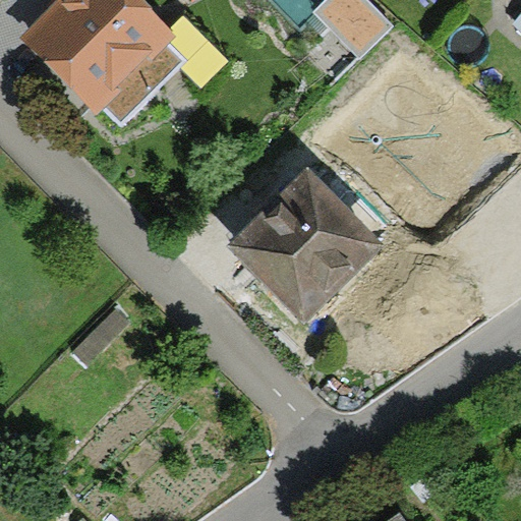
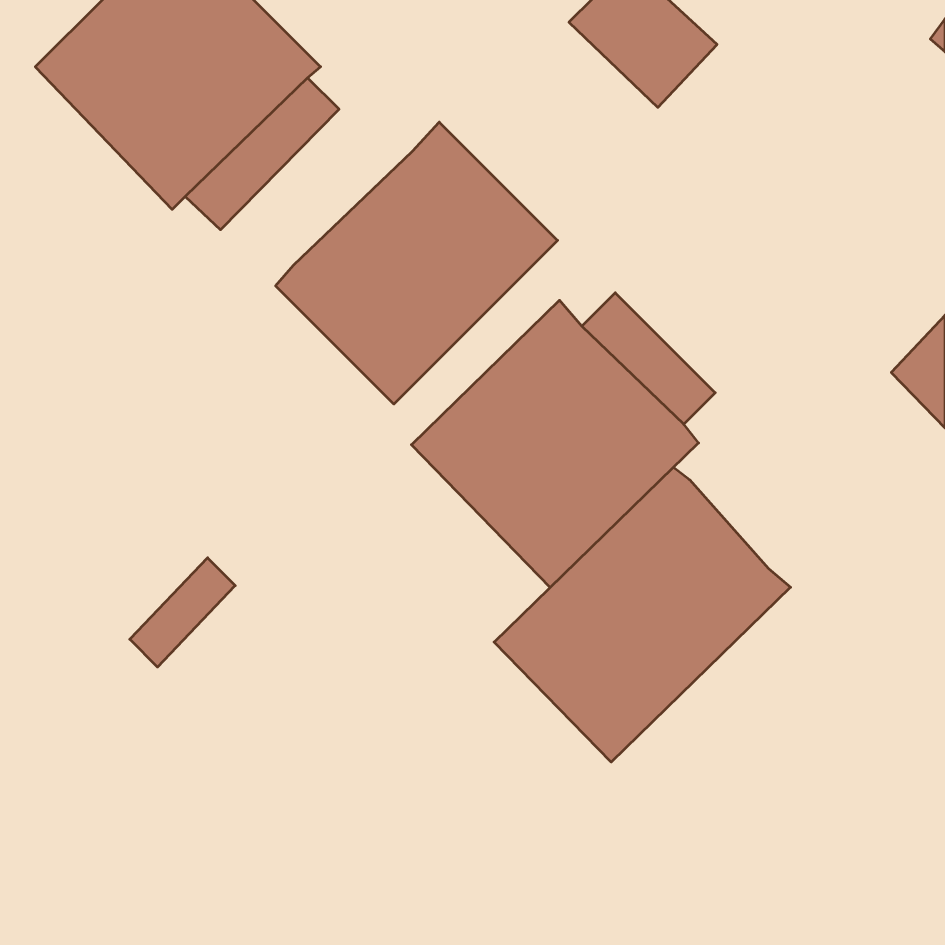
building: none -> [276,122,558,404]
building: none -> [494,467,791,762]

